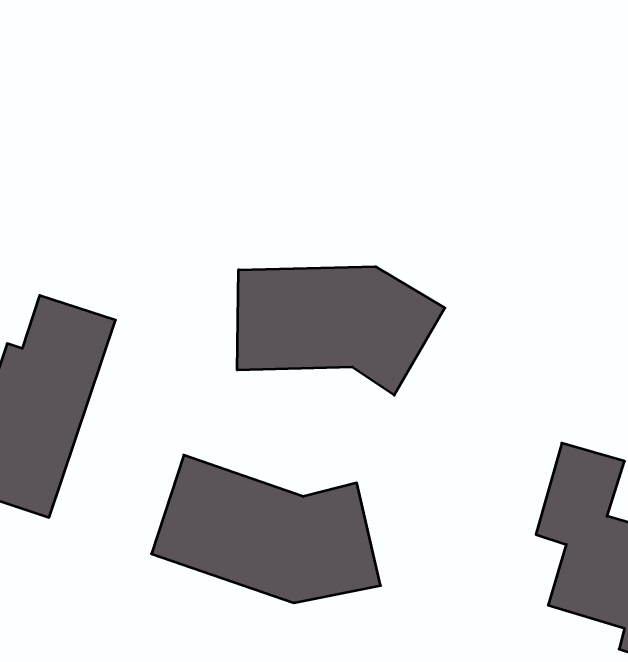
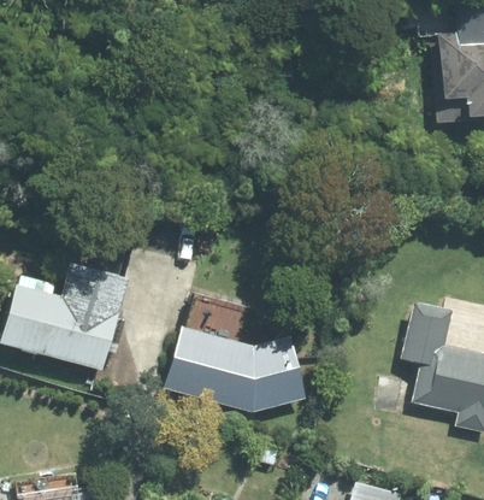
building: [237,267,445,395] -> none

